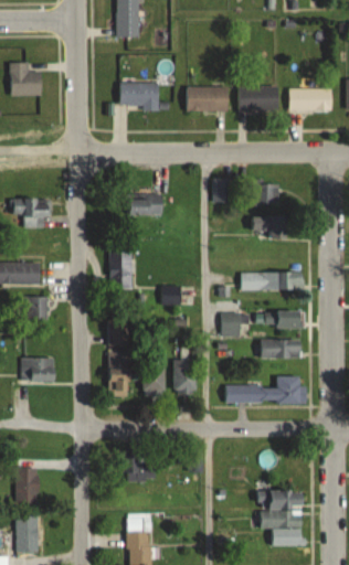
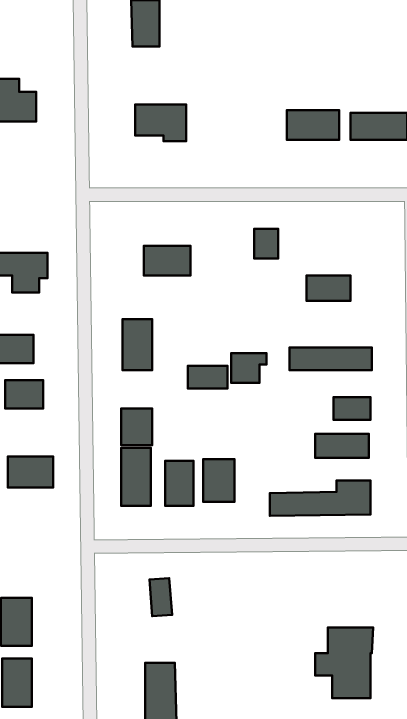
building: [187,87,229,111] -> none
building: [255,184,279,204] -> none
building: [220,315,247,338] -> [231,353,267,383]

